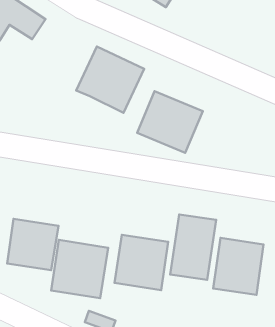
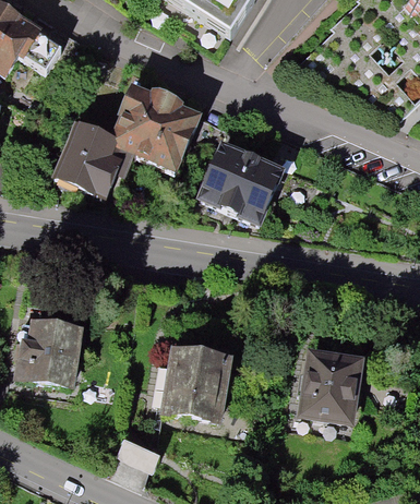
building: none -> [49,128,127,203]
building: [170,214,216,280] -> none
building: [51,240,108,298] -> none

